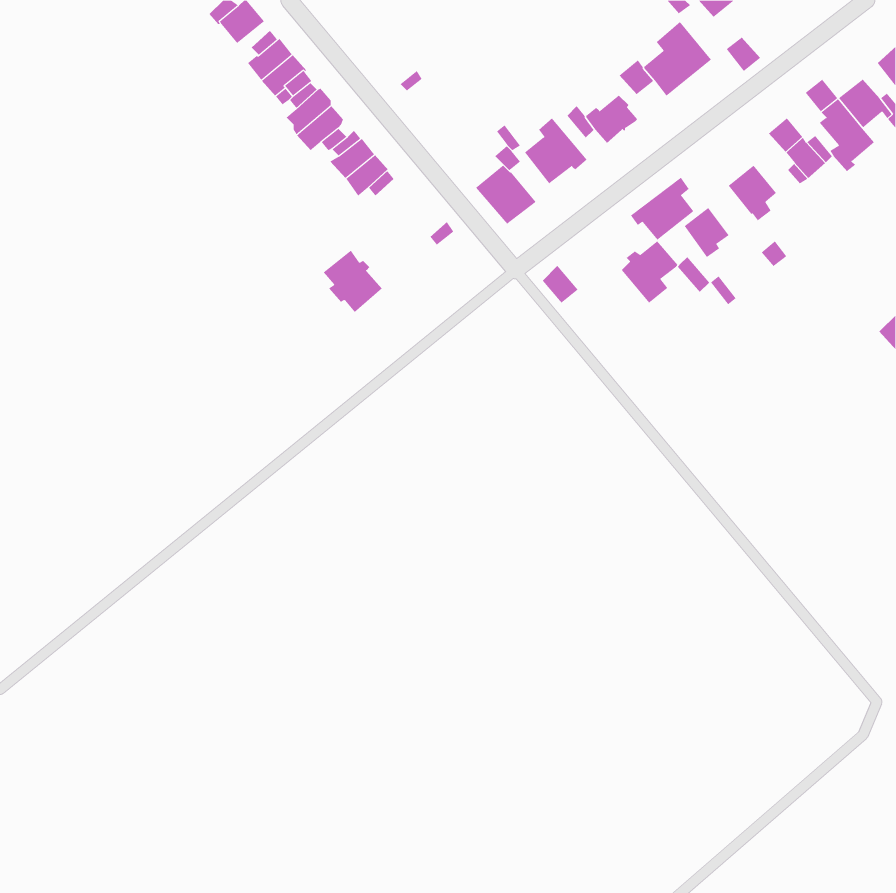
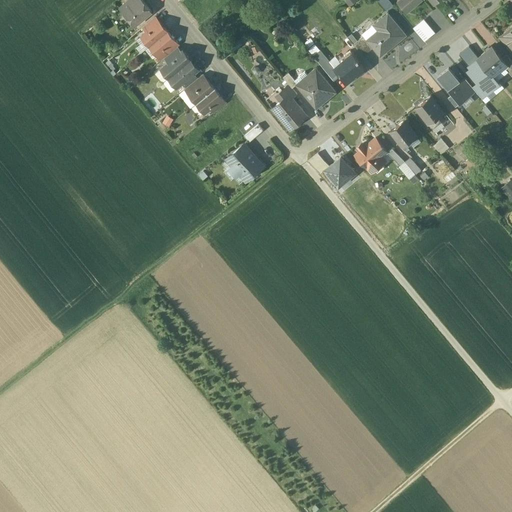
building: [630,177,694,240] -> none
building: [323,250,383,313] -> [228,145,262,181]
building: none -> [325,157,355,188]

